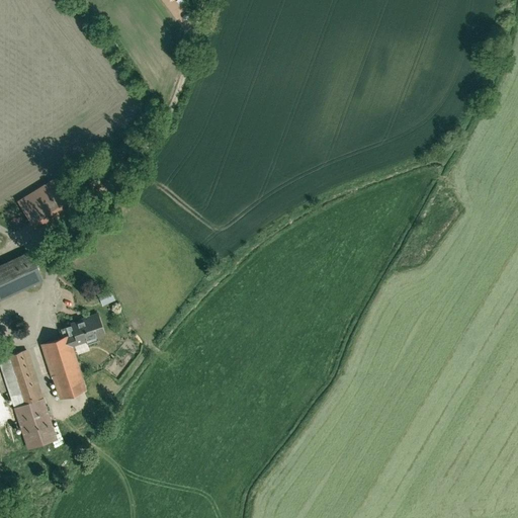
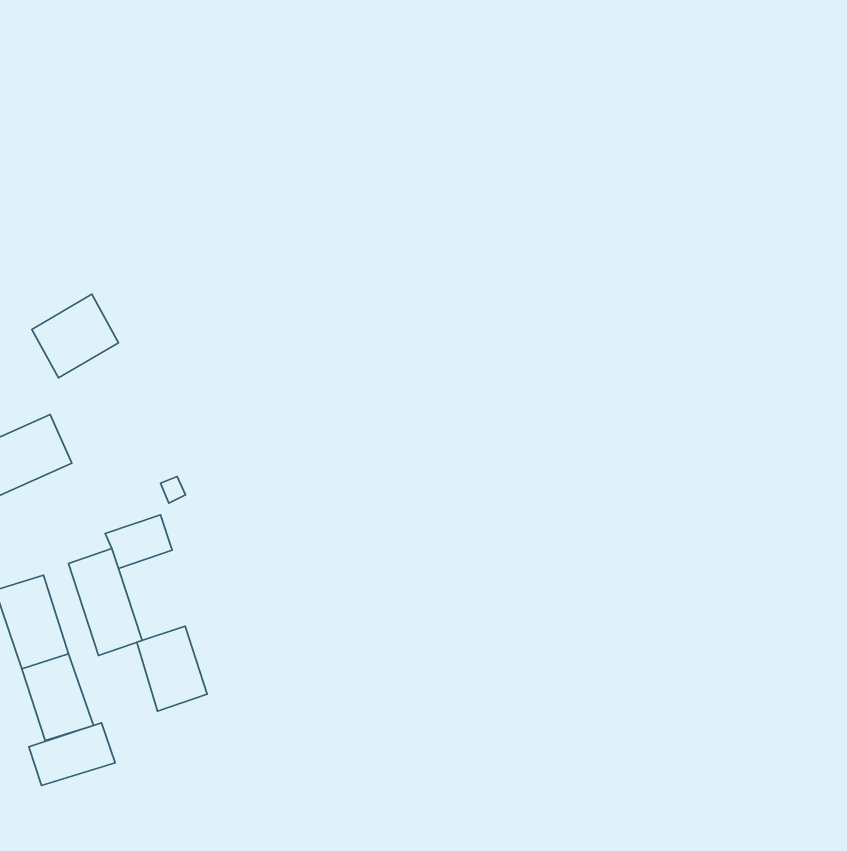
building: none -> [137,626,207,711]
building: none -> [29,723,115,785]

